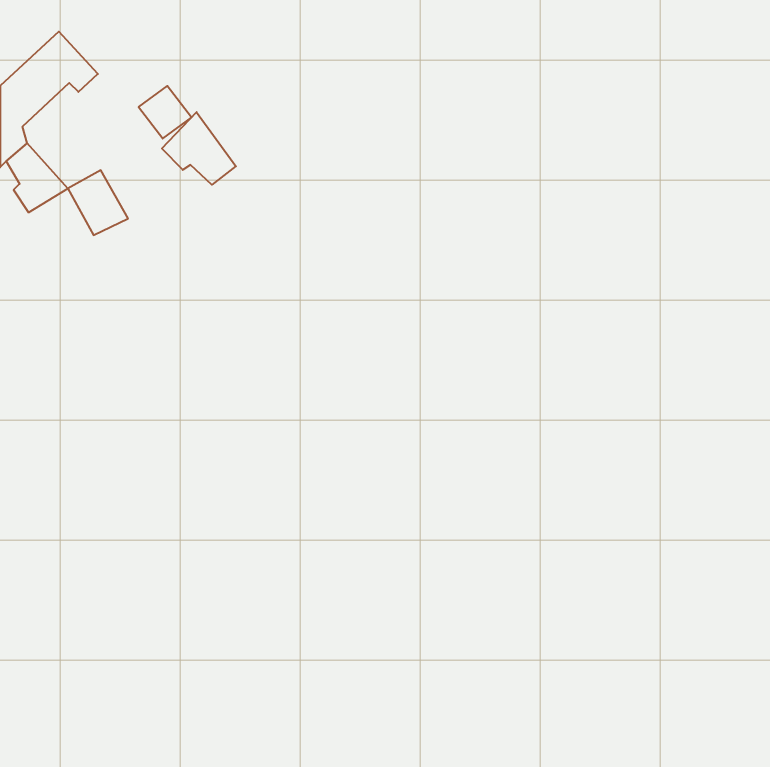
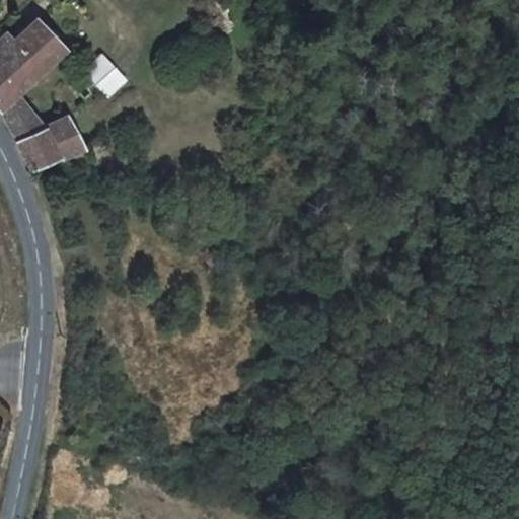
building: [162,112,236,185] -> none
building: none -> [19,127,63,171]

